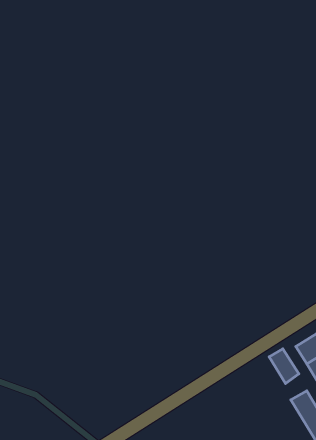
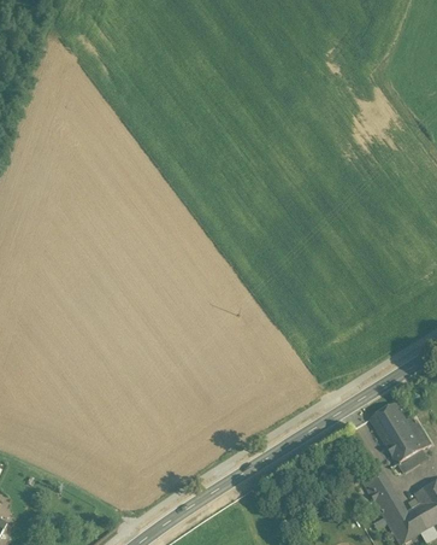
building: [269,349,299,384] -> none

